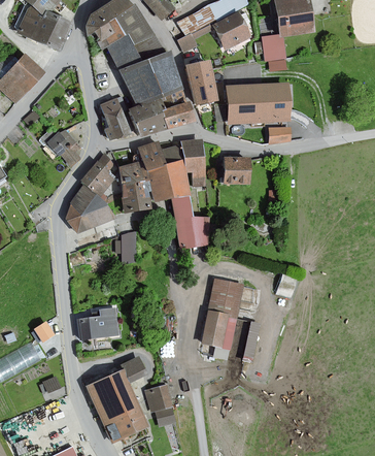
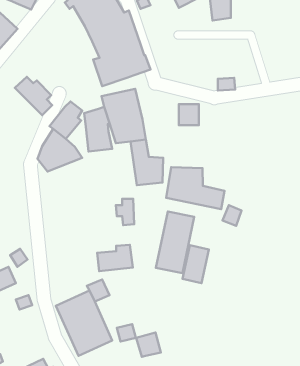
building: [186,62,216,104] -> none
building: [227,85,289,124] -> none
building: [101,99,129,140] -> none
building: [180,140,204,189] -> none
building: none -> [166,167,225,209]
building: [114,231,135,261] -> [116,199,134,225]
building: [78,310,118,339] -> [97,245,133,271]
building: [145,385,173,413] -> [136,332,161,357]

